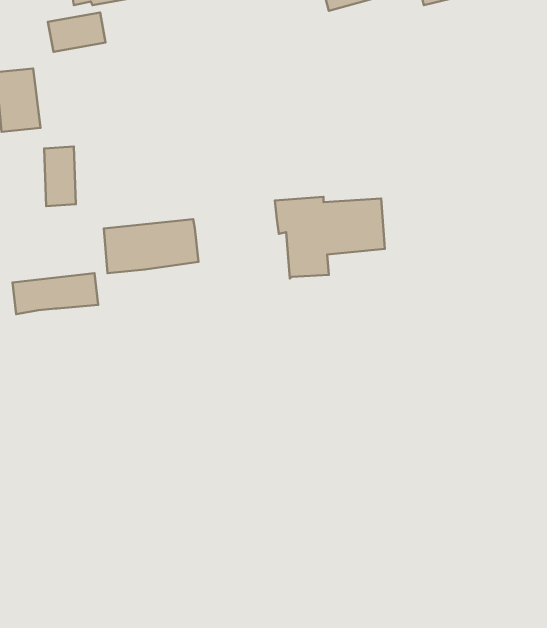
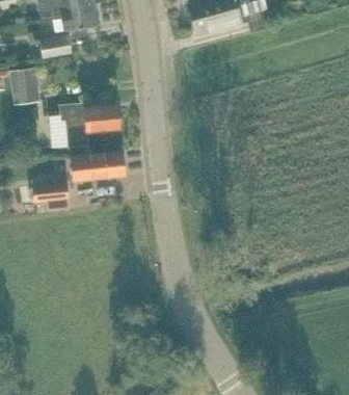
building: [275,197,385,279] -> [59,102,120,148]

